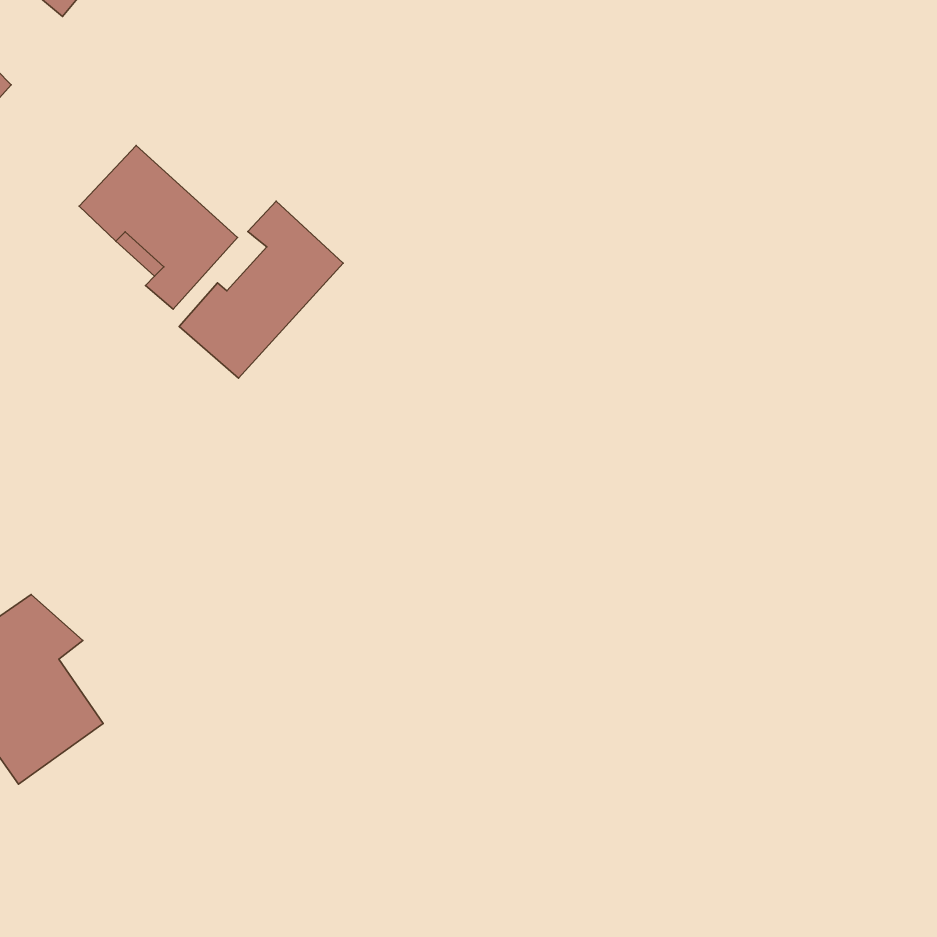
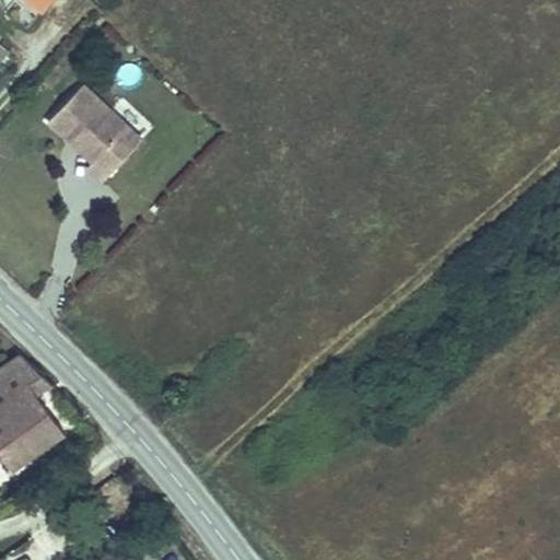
building: [179,201,343,378] -> none

